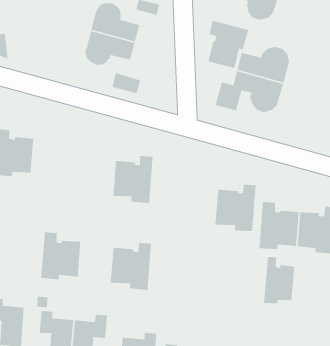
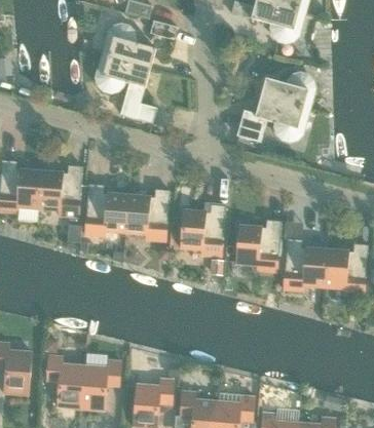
building: [207,20,249,69] -> none
building: none -> [38,164,82,216]
building: [40,232,81,280] -> [84,183,128,235]
building: [110,242,152,291] -> [180,203,225,256]
building: [263,256,295,304] -> none

